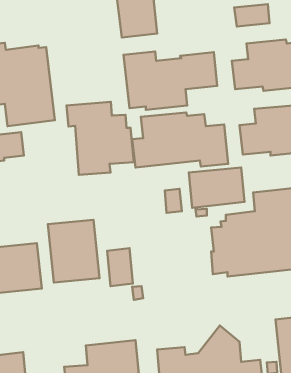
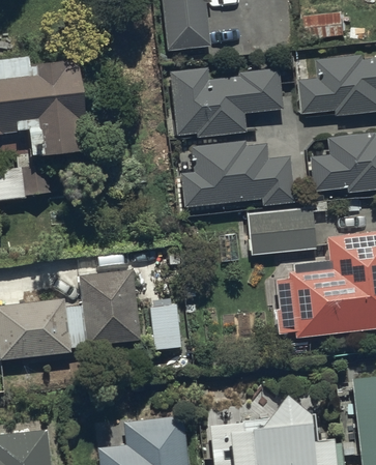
building: [66,102,134,175] -> none

